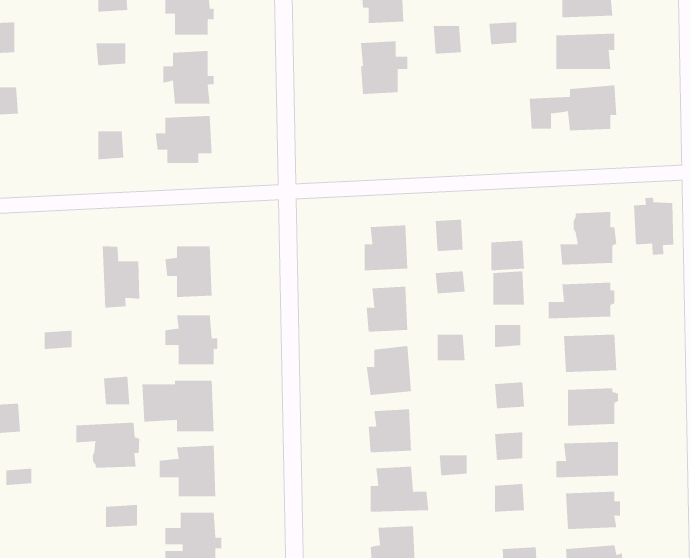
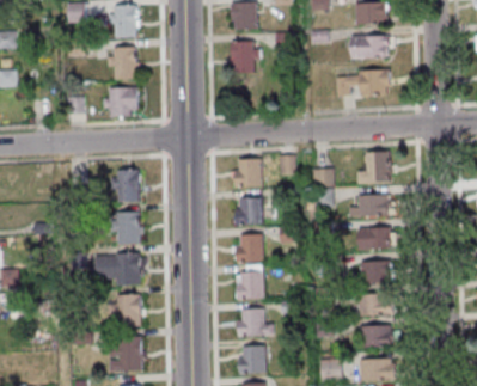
building: [633,197,674,255] -> none
building: [102,246,140,308] -> none
building: [76,422,140,469] -> none

